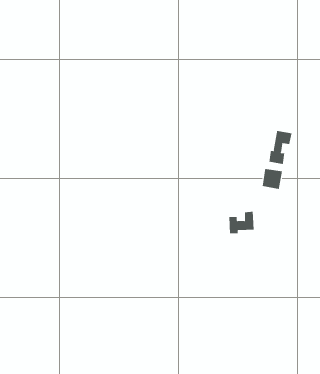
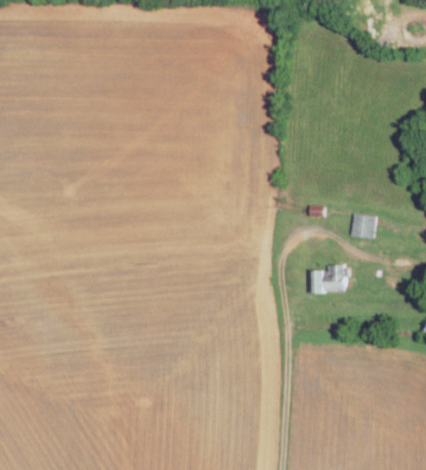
building: [269,130,292,165] -> none

